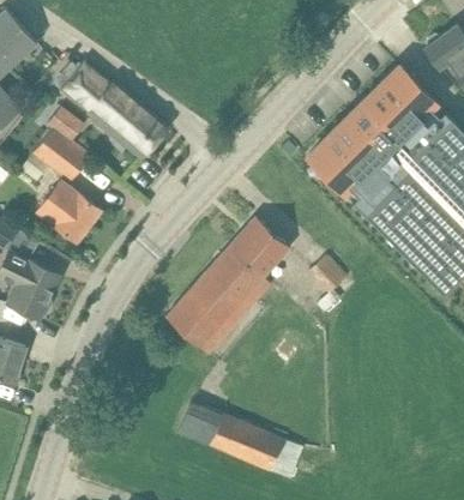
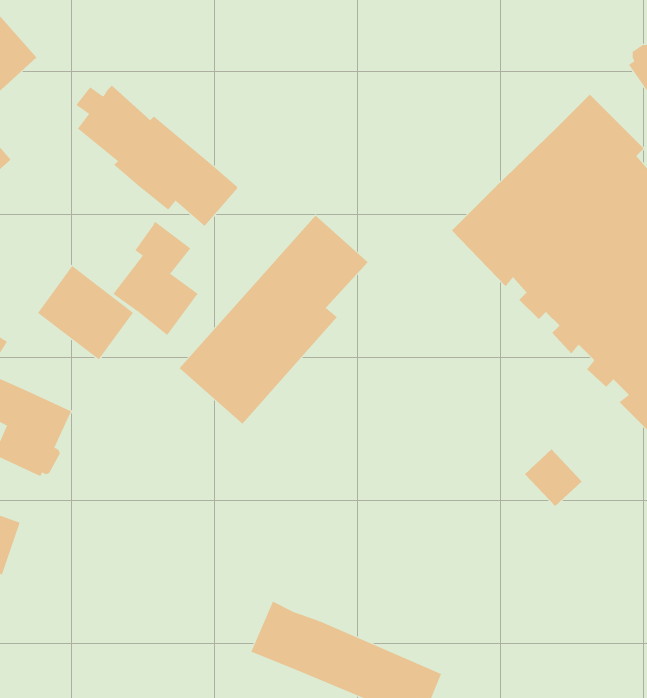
building: [32,106,89,181] -> [113,221,198,336]
building: [165,216,290,354] -> [179,215,368,425]
building: [308,255,347,294] -> [524,449,583,507]

